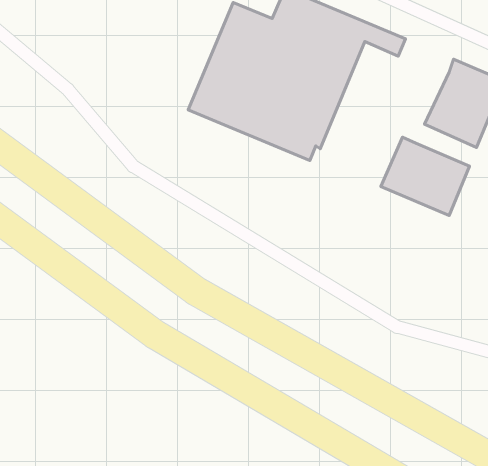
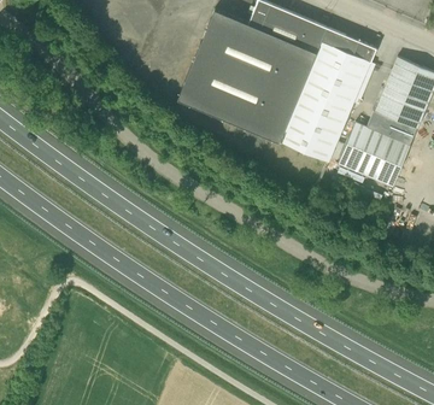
building: none -> [282,40,376,162]
building: none -> [366,111,417,146]

